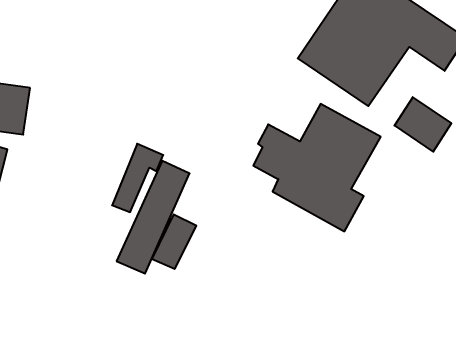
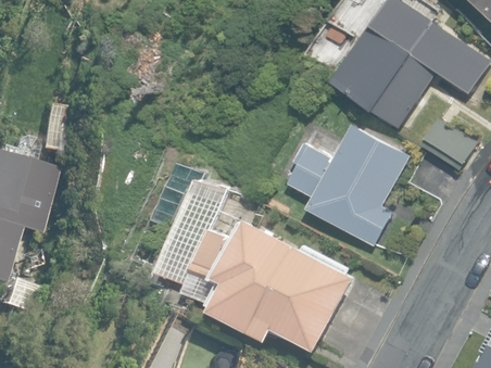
building: none -> [210,219,353,351]

